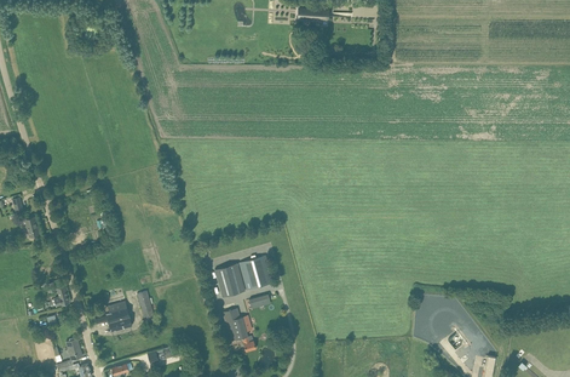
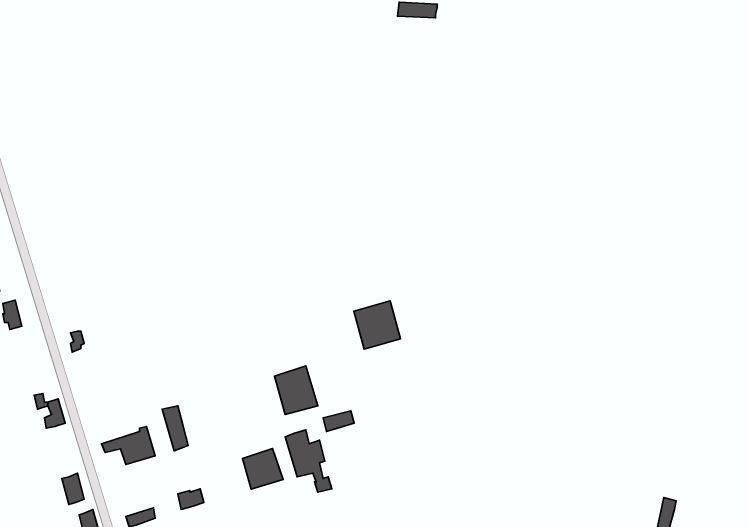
building: [240,255,272,289] -> [354,301,400,349]
building: none -> [243,448,283,489]

